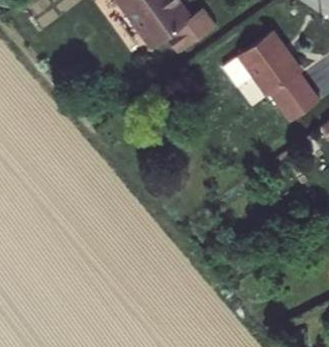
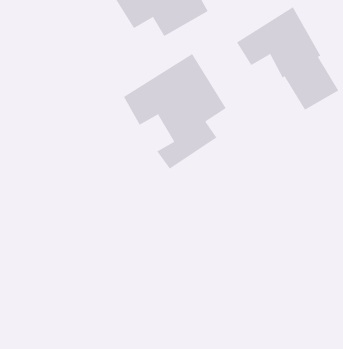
building: none -> [123,53,226,169]

